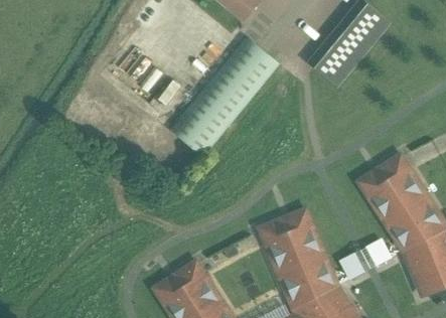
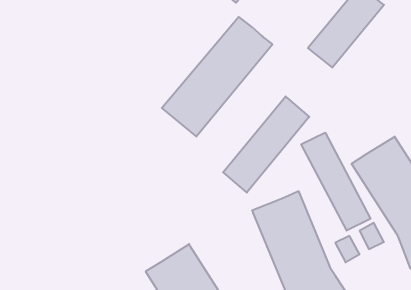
building: none -> [223,96,309,193]
building: none -> [301,133,371,231]

